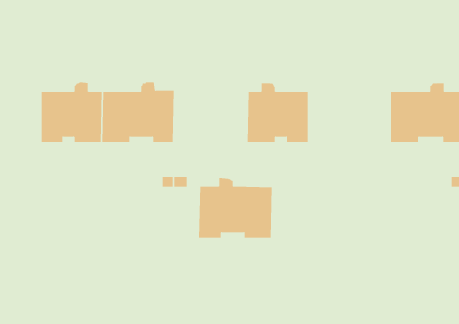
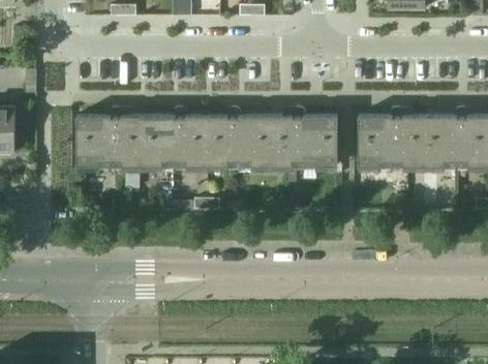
building: none -> [358,109,417,166]
building: [198,178,273,238] -> [206,108,278,166]

